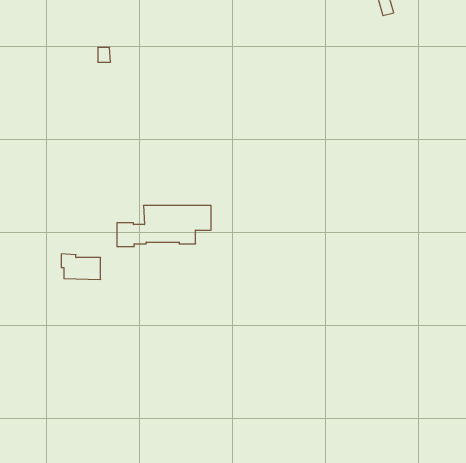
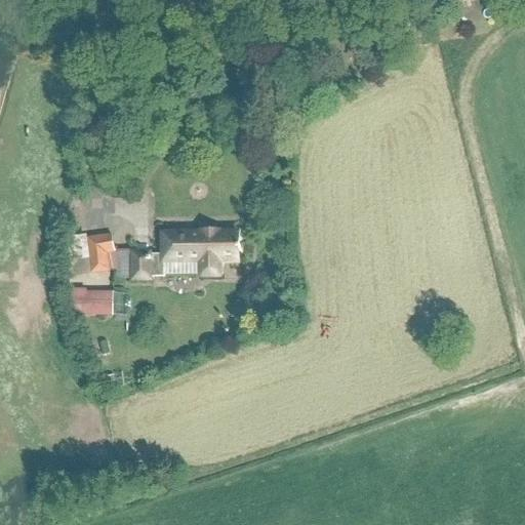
building: none -> [85,231,114,271]

